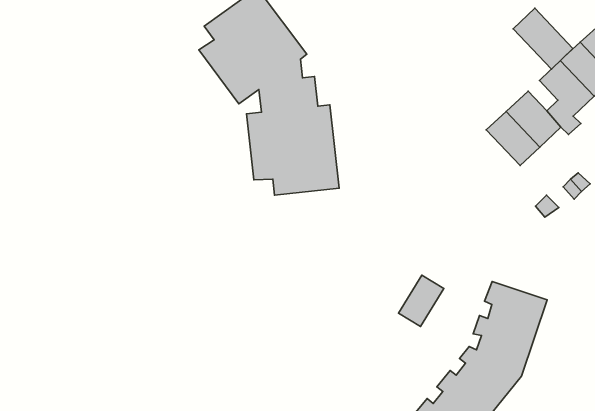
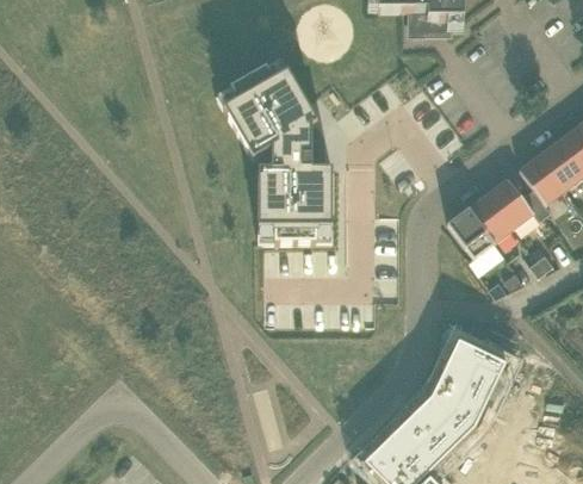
building: [513,8,573,69] -> none
building: none -> [448,205,495,255]
building: [399,275,444,326] -> none

